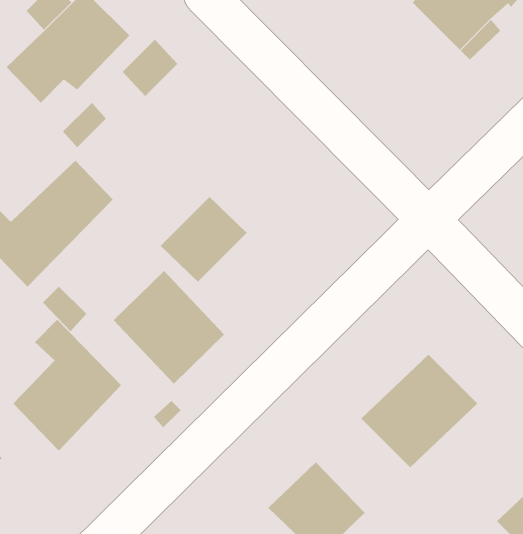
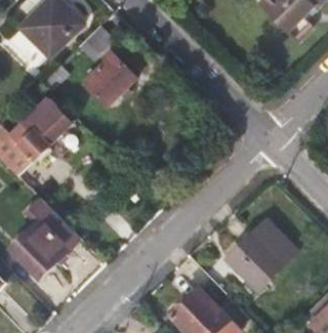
building: [160,196,248,282] -> [83,53,137,107]
building: [113,270,225,385] -> none

